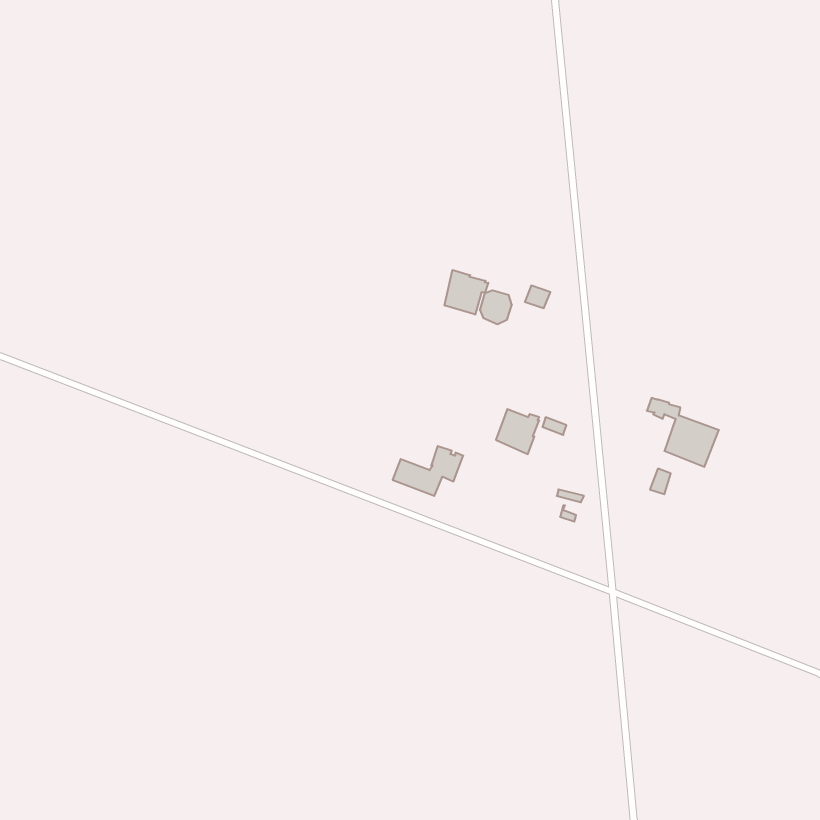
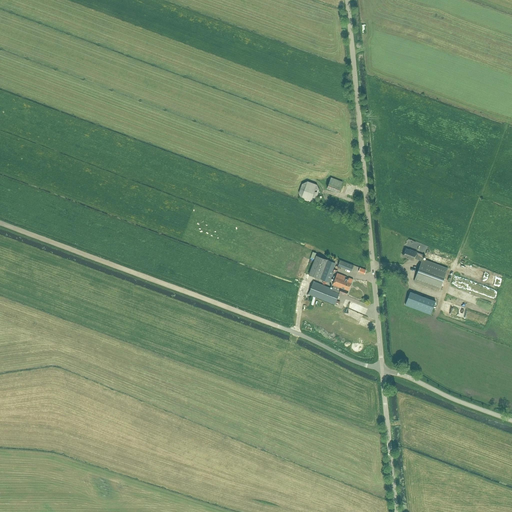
building: [445,270,488,315] -> none
building: [393,446,463,496] -> [309,273,353,304]

